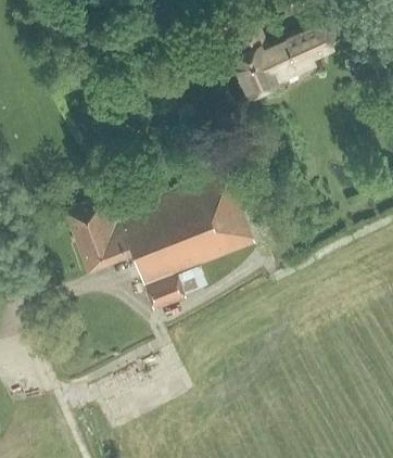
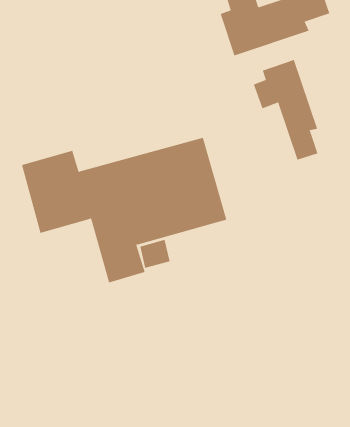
building: none -> [253,59,318,161]

